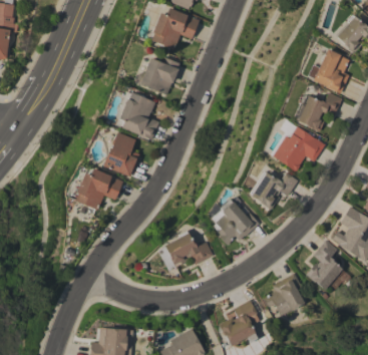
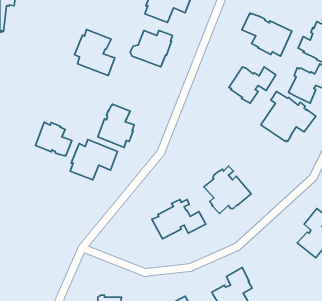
building: none -> [242,13,292,56]
building: [119,92,160,139] -> [75,29,115,76]
building: none -> [35,122,72,156]
building: [250,171,298,209] -> [229,67,276,103]
building: [265,273,305,315] -> none

